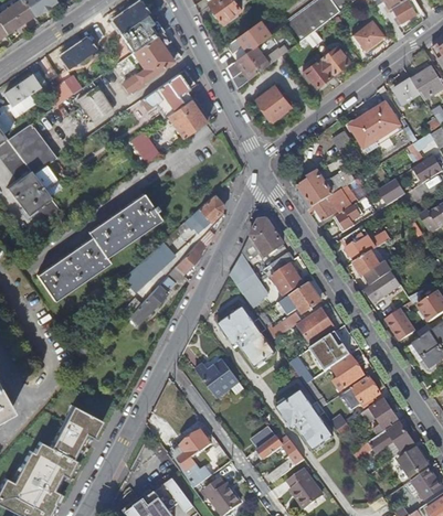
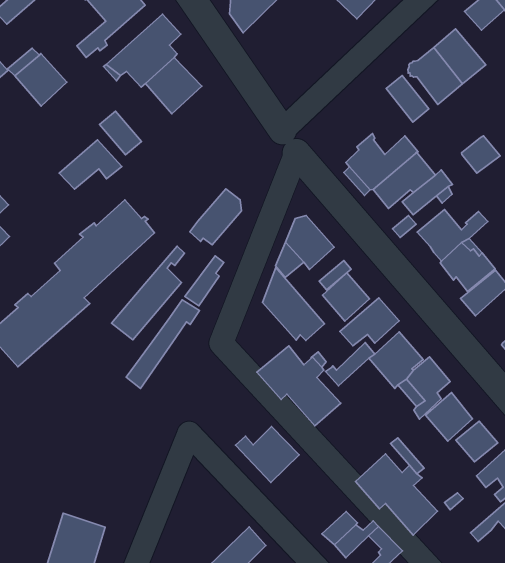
building: [257,86,293,121] -> none
building: none -> [59,140,122,189]

